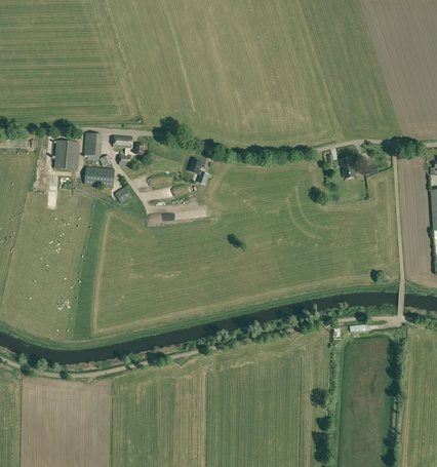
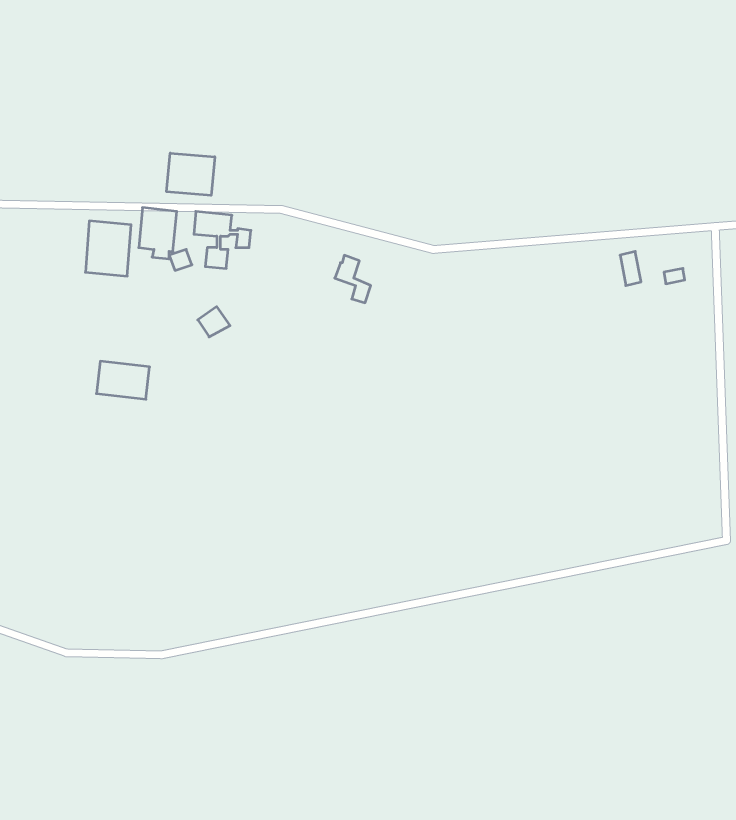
building: none -> [167,153,215,195]
building: [86,166,115,187] -> [96,361,150,399]

